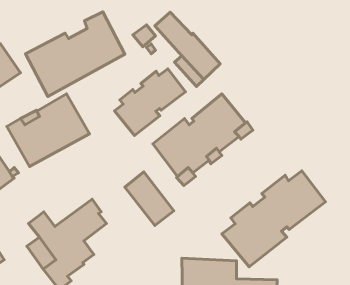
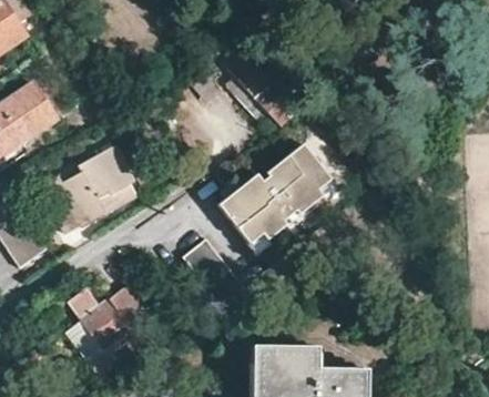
building: [26,12,125,96] -> none
building: [114,69,185,135] -> none
building: [222,171,325,267] -> none

